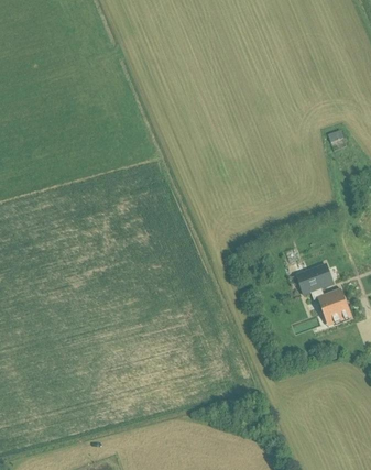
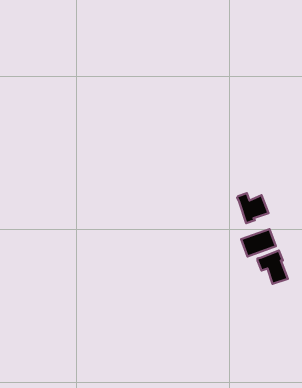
building: none -> [237,193,269,223]

